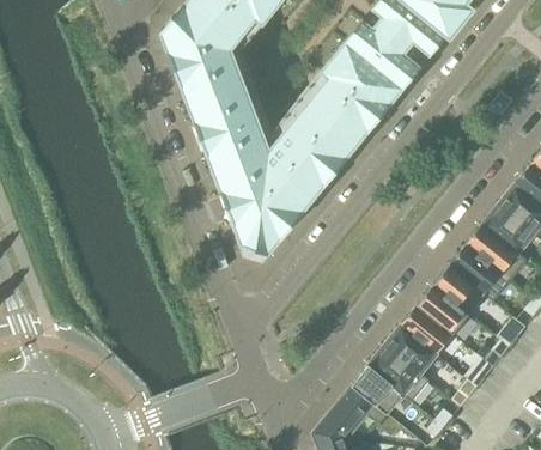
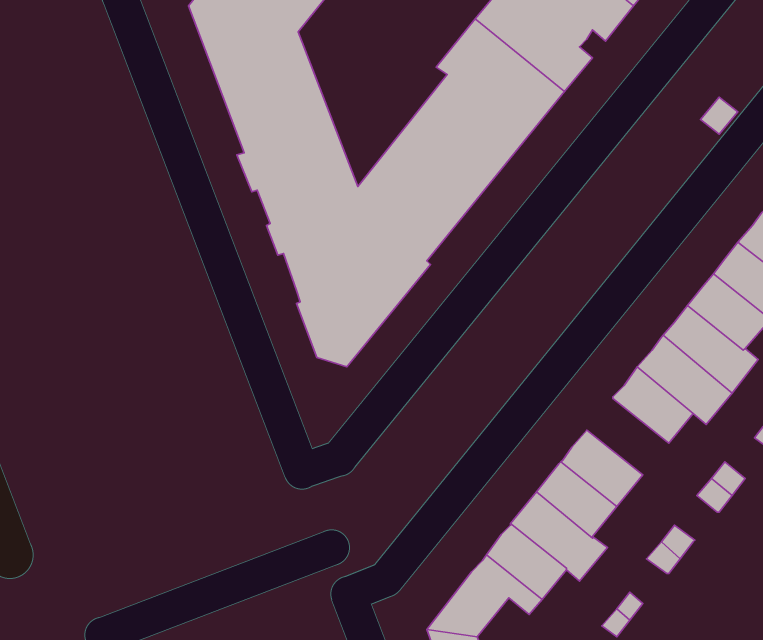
building: [418,285,470,334] -> none

